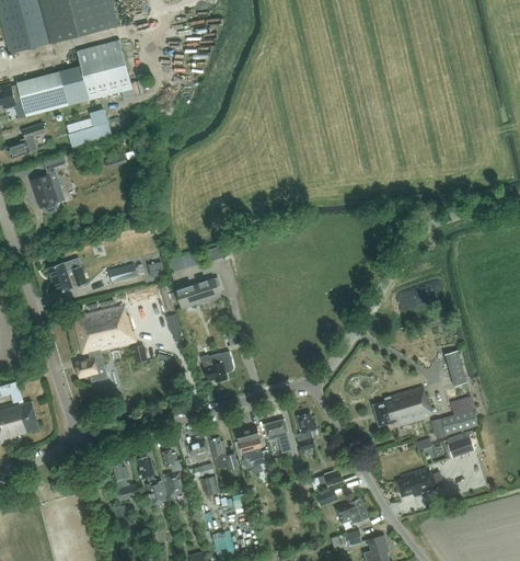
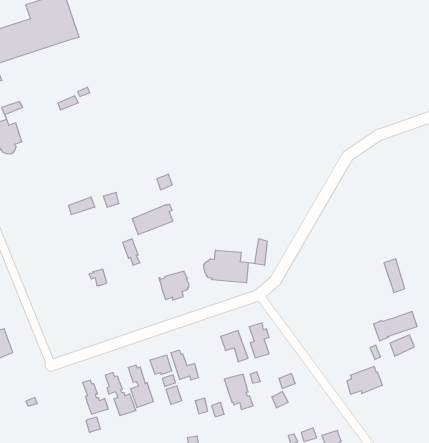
building: [69,108,111,145] -> none
building: [48,262,86,291] -> none
building: [72,304,135,380] -> none
building: none -> [204,239,267,283]
building: [372,387,436,425] -> none
building: [235,426,265,465] -> [224,374,253,410]
building: [334,497,367,523] -> none

